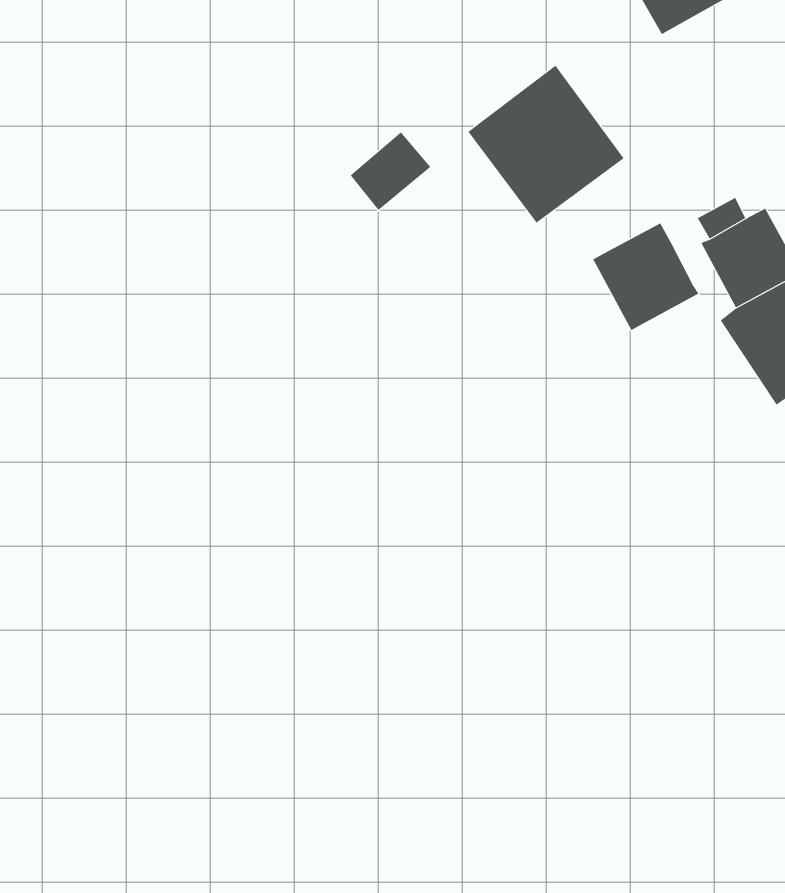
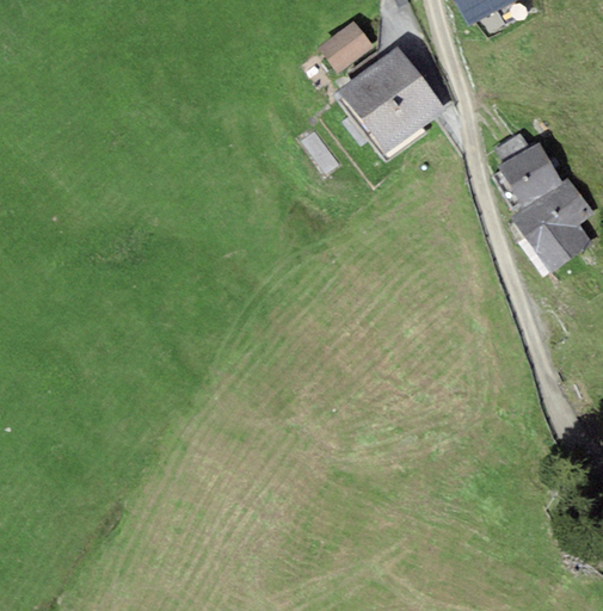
building: [350,131,431,211] -> [318,19,373,73]
building: [592,222,699,331] -> none

